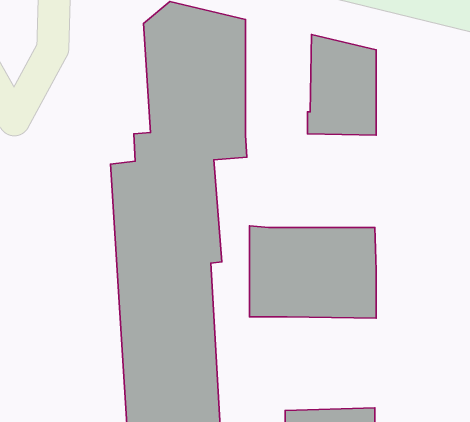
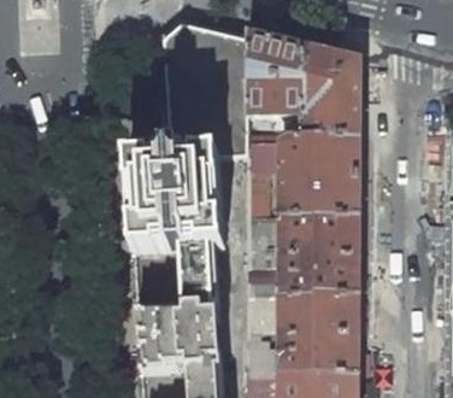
building: none -> [245,33,302,115]
building: none -> [245,133,359,215]
building: none -> [248,293,359,375]

